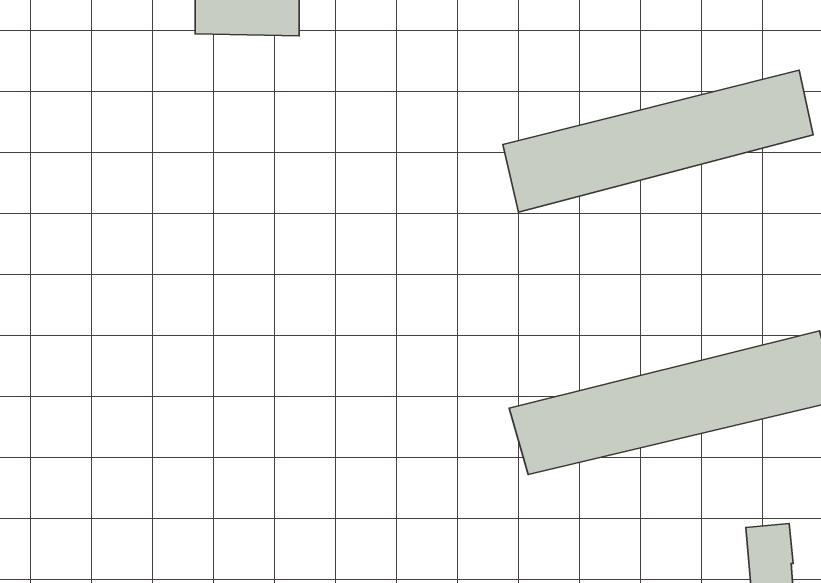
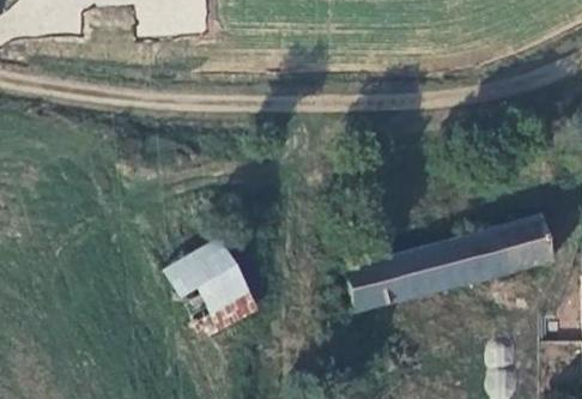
building: [503,70,813,212] -> none
building: none -> [162,237,249,335]

